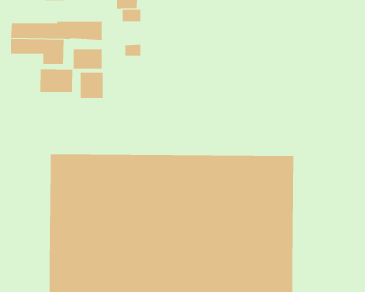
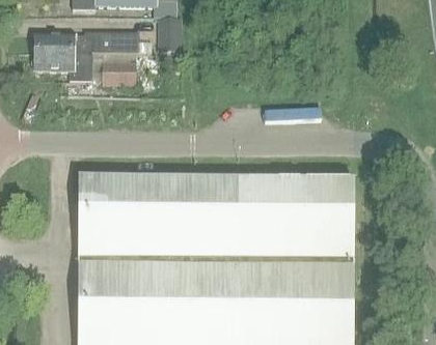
building: [40,68,73,93] -> none
building: [80,72,103,99] -> none

